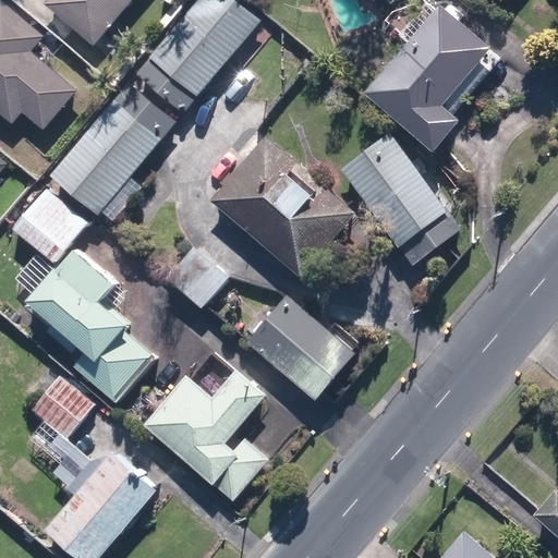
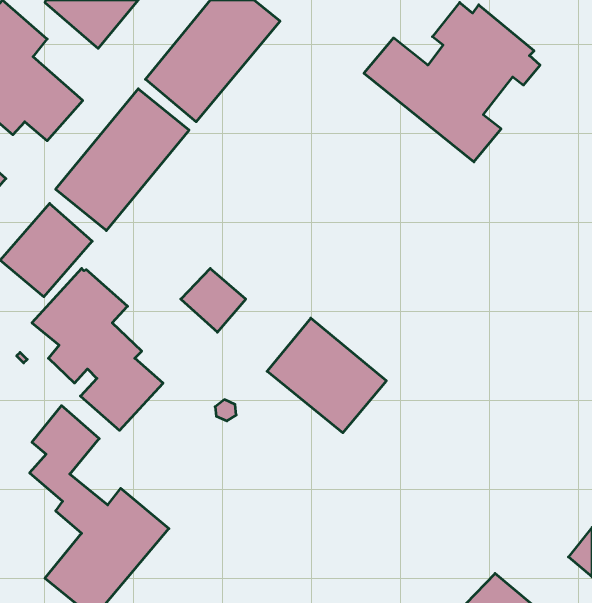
building: [339,131,460,265] -> none
building: [211,136,354,277] -> none
building: [143,368,265,501] -> none

